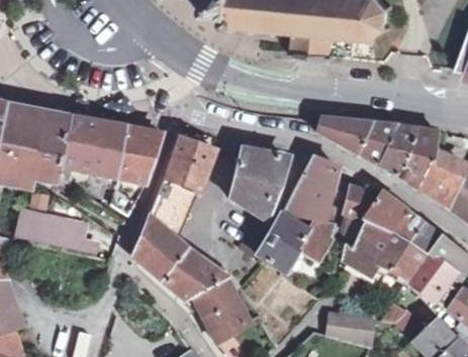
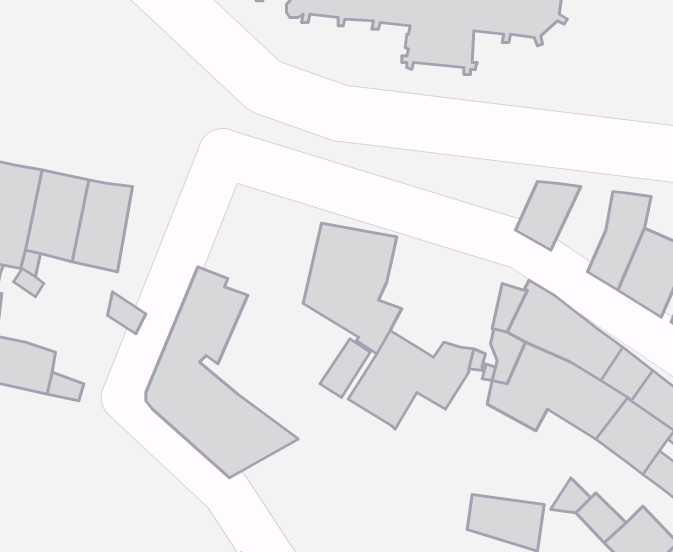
building: [319,118,372,152] -> none
building: [118,126,163,184] -> none
building: [380,126,417,177] -> none
building: [167,136,216,188] -> none
building: [283,155,339,221] -> none
building: [186,278,251,340] -> none

